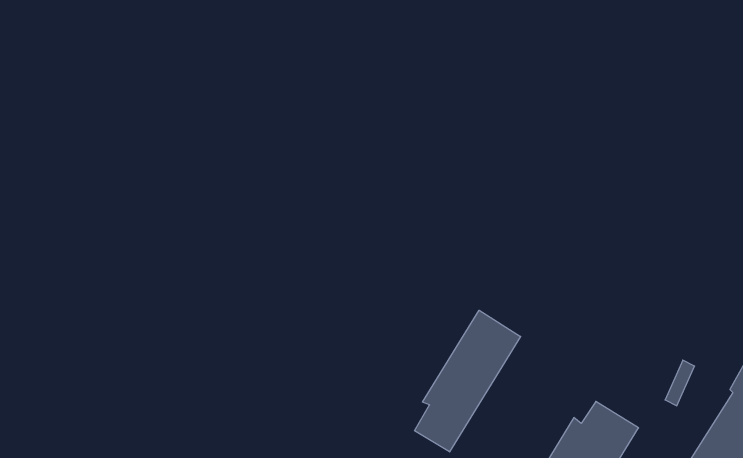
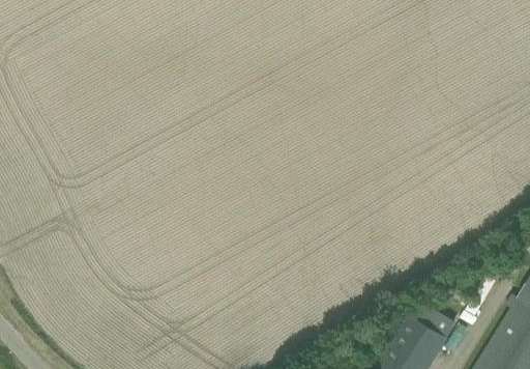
building: [415,310,521,452] -> none

